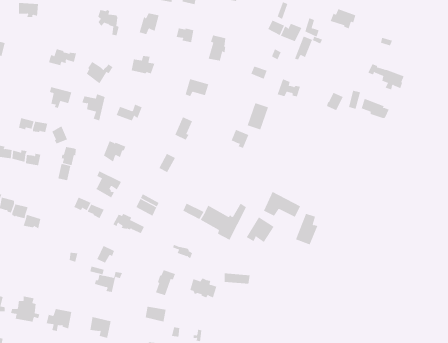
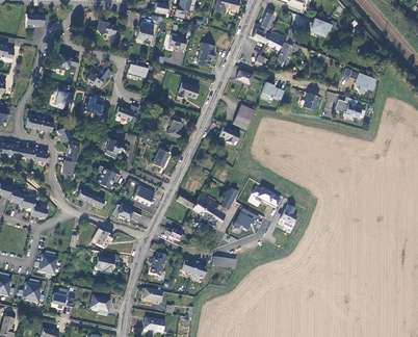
building: none -> [35,250,59,277]

